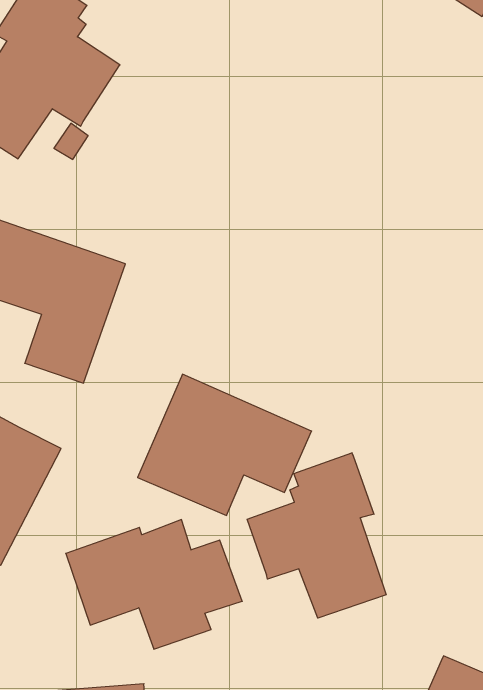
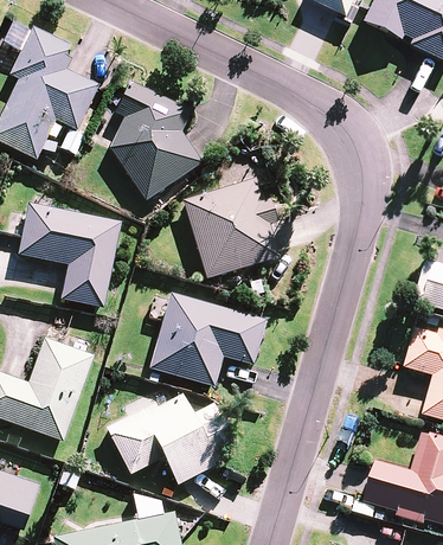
building: none -> [109,81,201,200]
building: none -> [182,177,278,277]
building: [247,453,386,618] -> none

